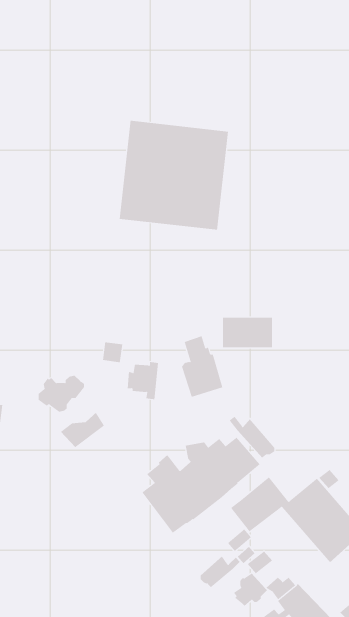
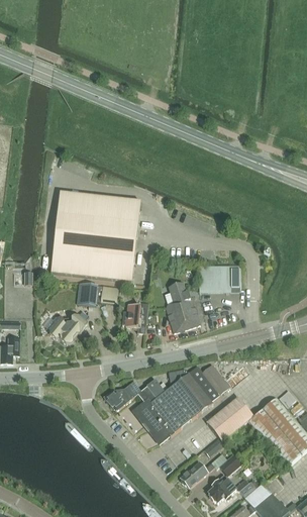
building: [119,120,229,230] -> [50,192,140,282]
building: none -> [77,283,97,305]
building: [60,412,105,448] -> [103,381,139,410]
building: [229,416,275,458] -> none

